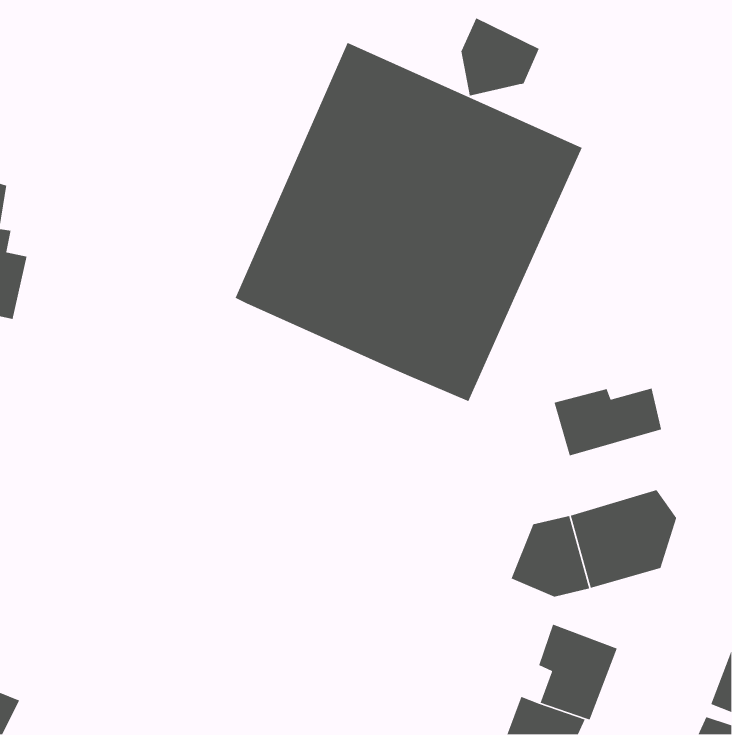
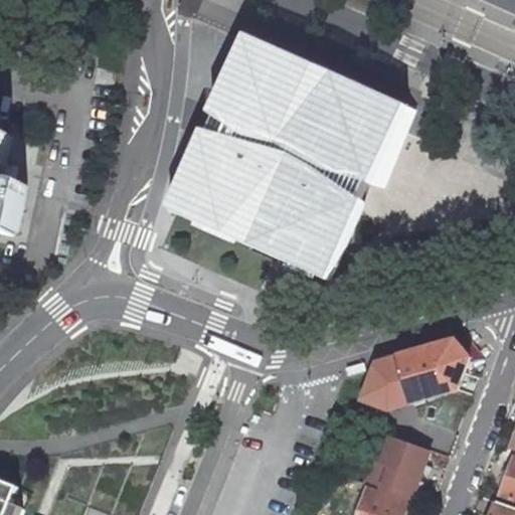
building: [460,17,540,97] -> none
building: [553,388,662,457] -> none

